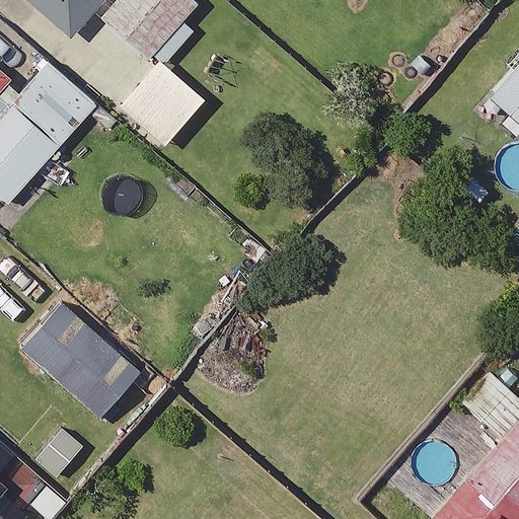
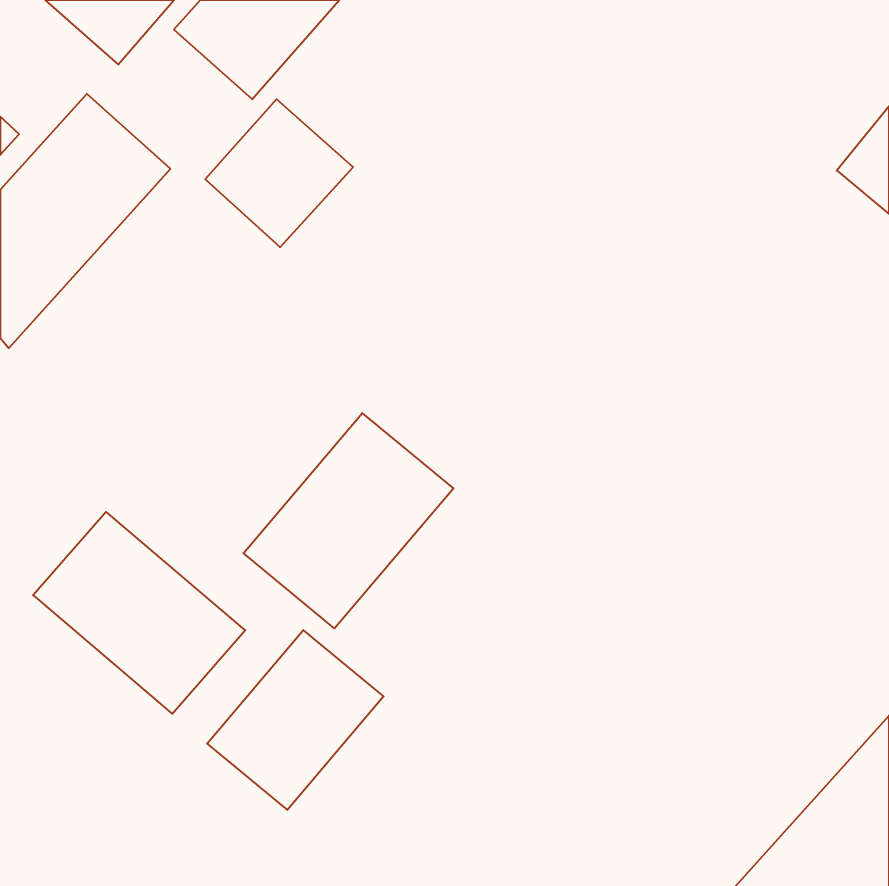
building: none -> [243,413,454,628]
building: none -> [207,630,384,810]

